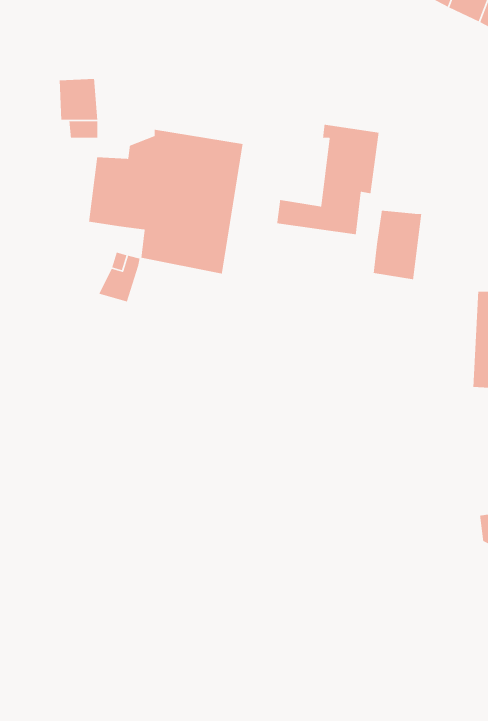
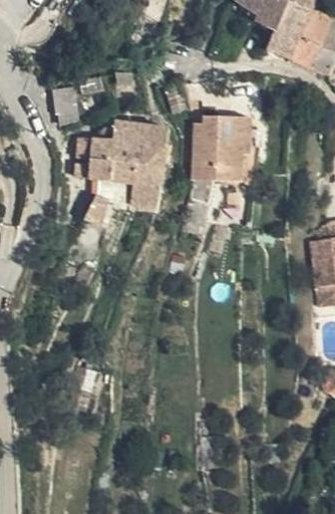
building: [373,210,422,280] -> [193,123,223,167]

